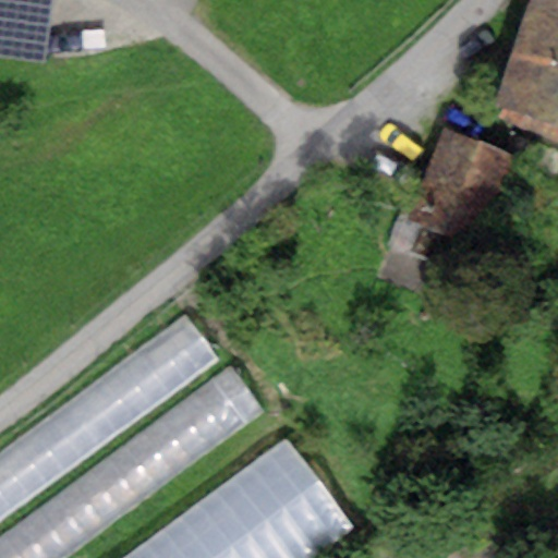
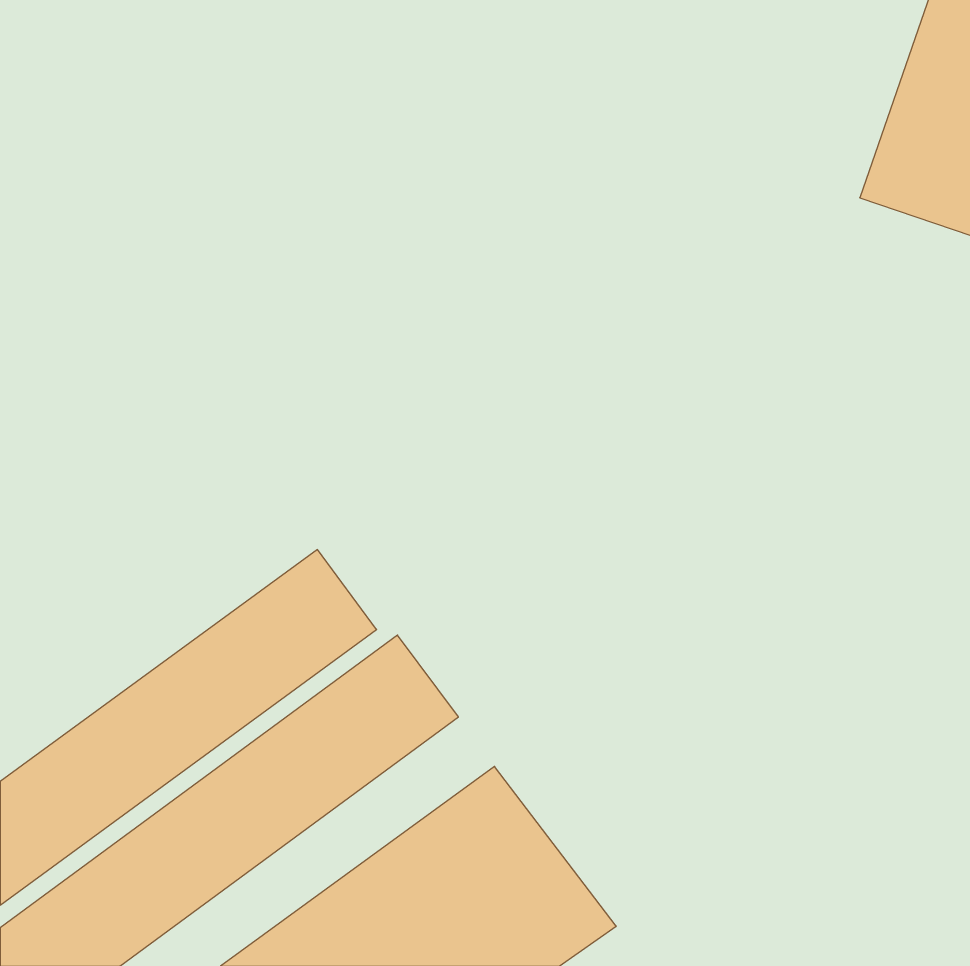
building: [405,131,514,255] -> none

